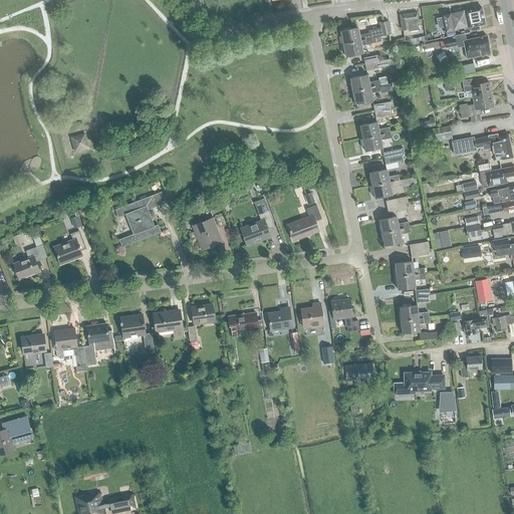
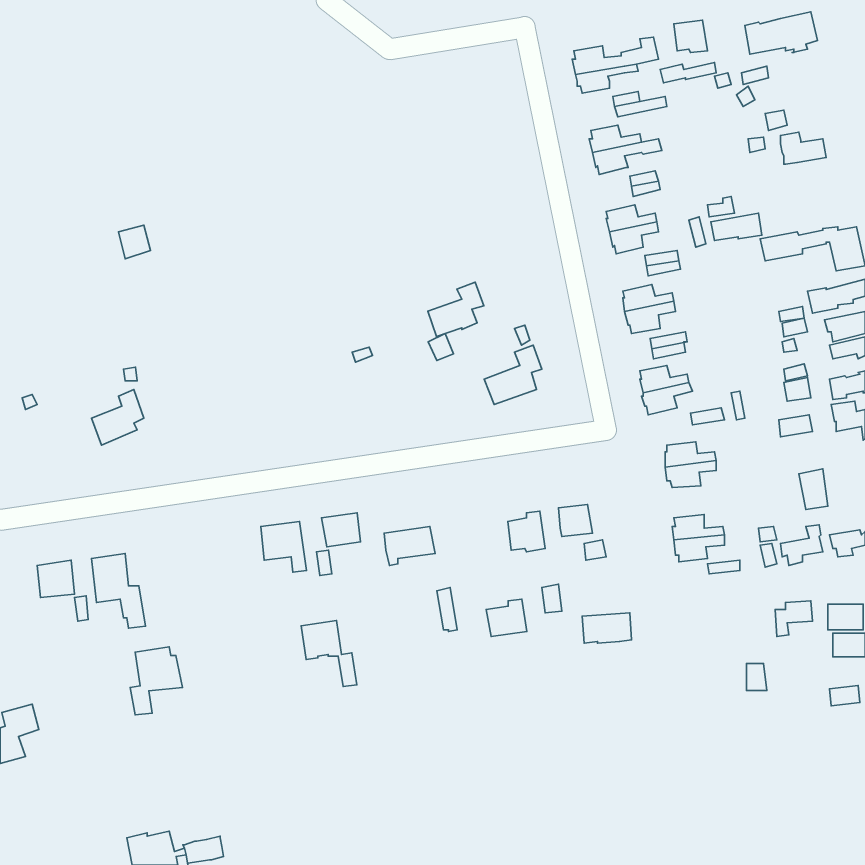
building: [463,35,489,57] -> none
building: [459,93,492,117] -> none
building: [115,192,165,247] -> none
building: [241,212,274,244] -> [428,282,484,336]
building: [189,218,222,249] -> none
building: [13,235,46,279] -> none
building: [267,307,291,329] -> [486,599,527,636]
building: [120,314,154,353] -> [301,621,357,687]
building: [83,323,114,363] -> [130,647,183,715]
building: [405,371,445,395] -> none

